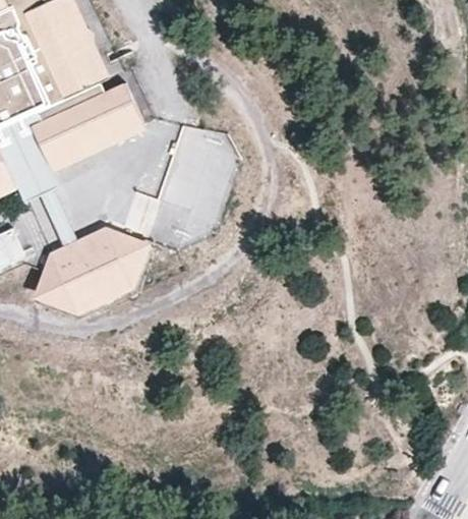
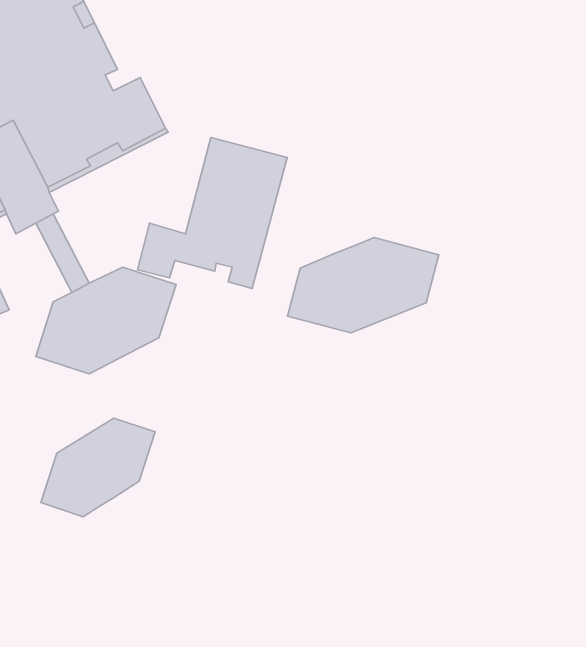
building: none -> [287,237,439,333]
building: none -> [41,418,155,517]

